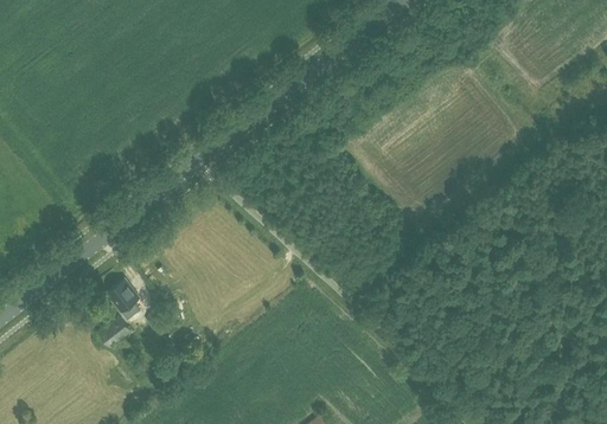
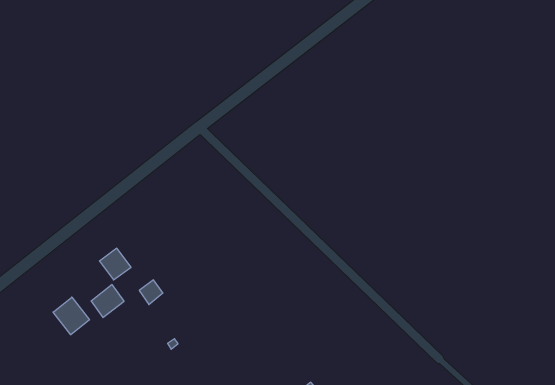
building: none -> [53,297,89,335]

